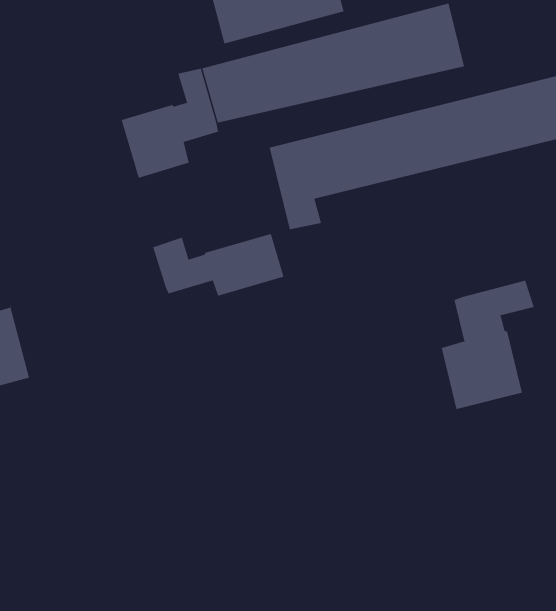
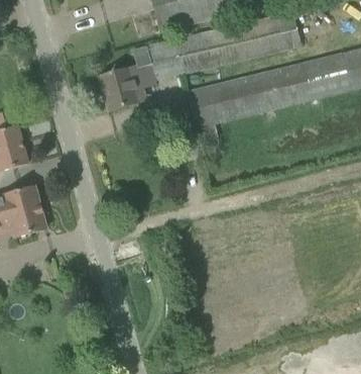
building: [153,233,284,296] -> none
building: [441,280,534,410] -> none

